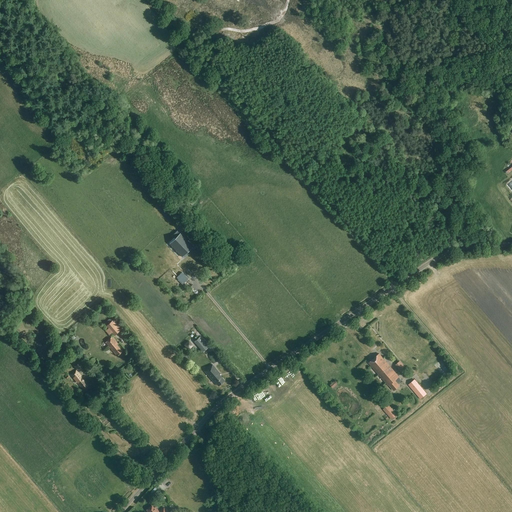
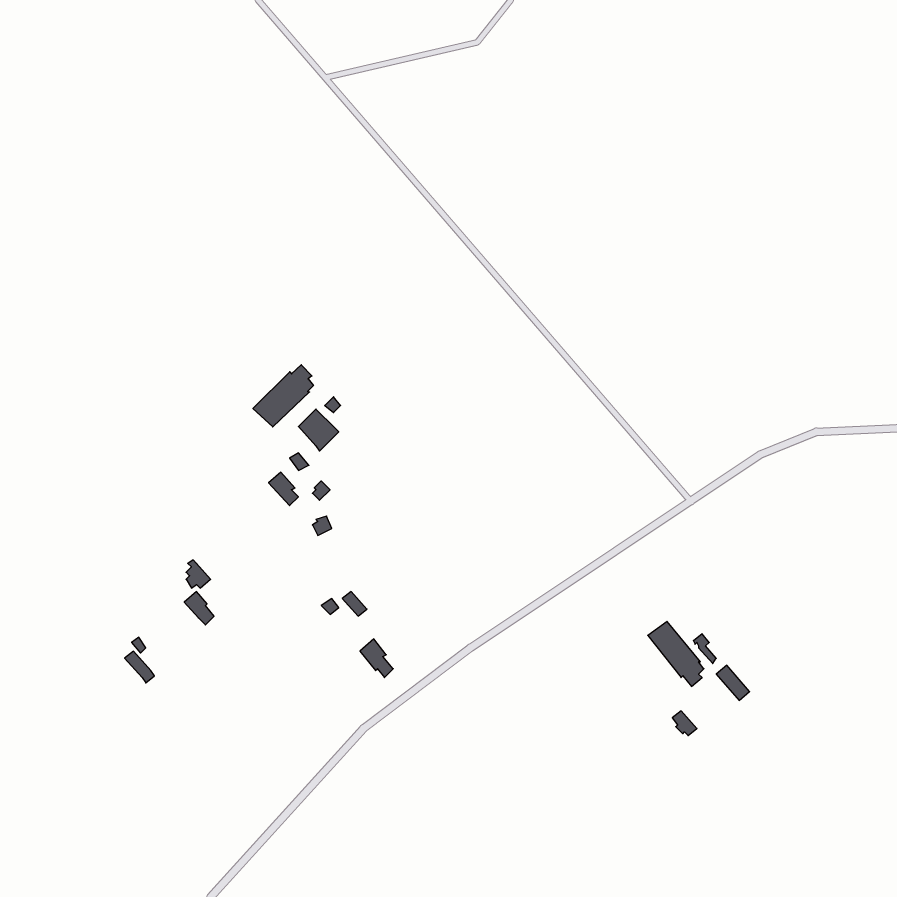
building: none -> [253,365,313,427]

